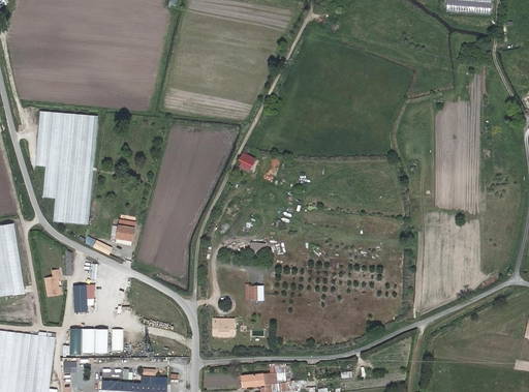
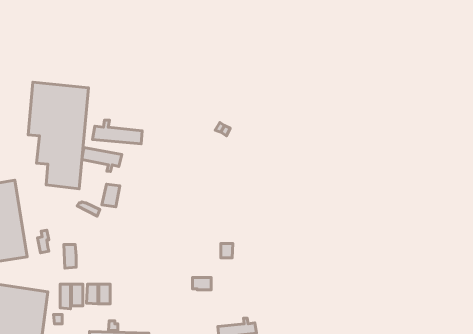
building: none -> [93,120,142,144]
building: none -> [82,148,122,171]

